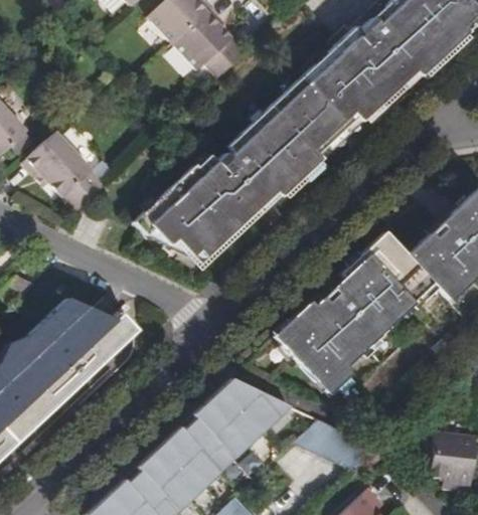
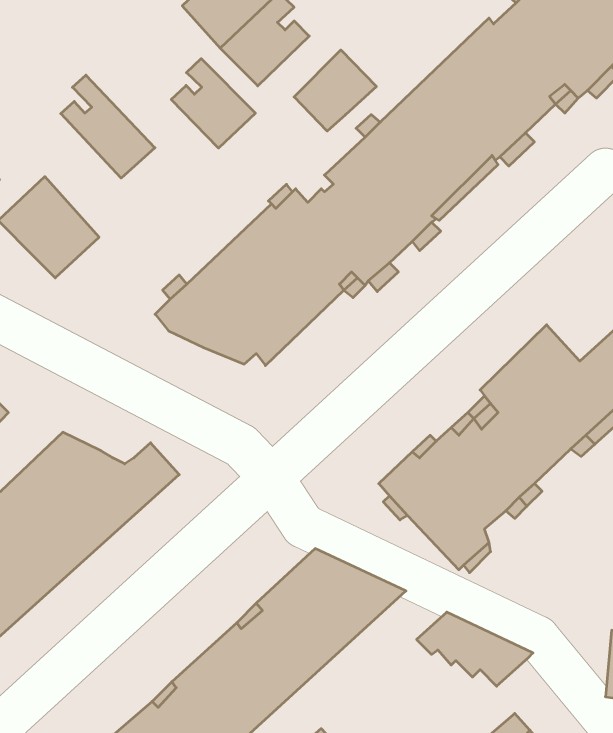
building: none -> [294,50,376,131]
building: none -> [171,59,255,148]
building: none -> [61,75,155,178]

